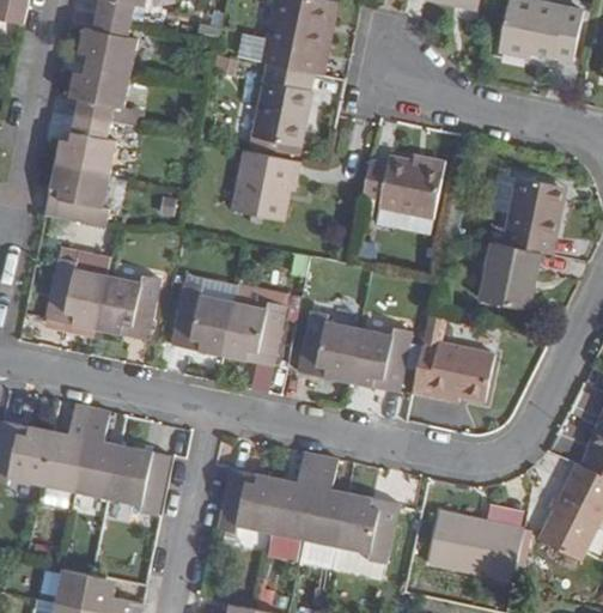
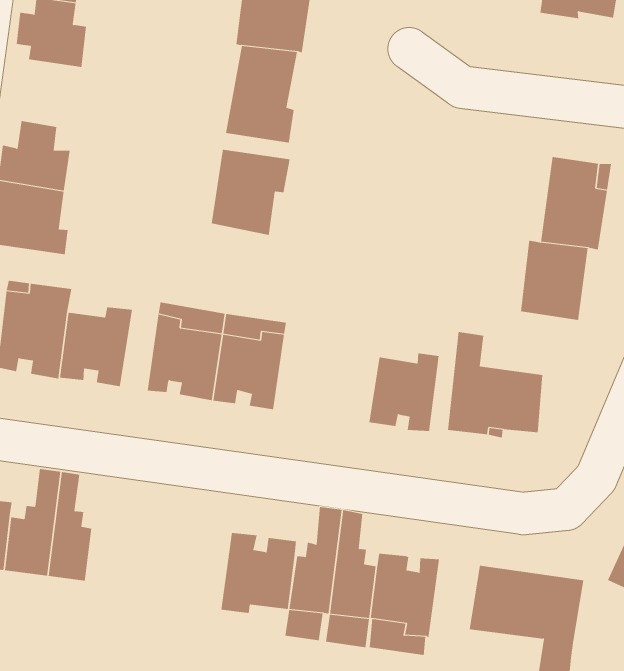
building: [68,63,146,127] -> none
building: [360,156,440,218] -> none
building: [297,310,361,383] -> none
building: [106,444,171,518] -> none

